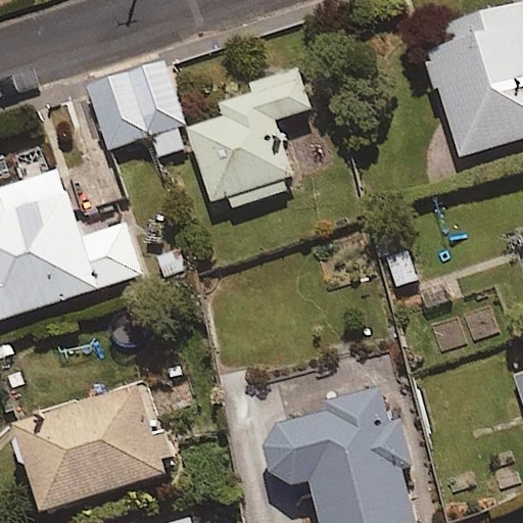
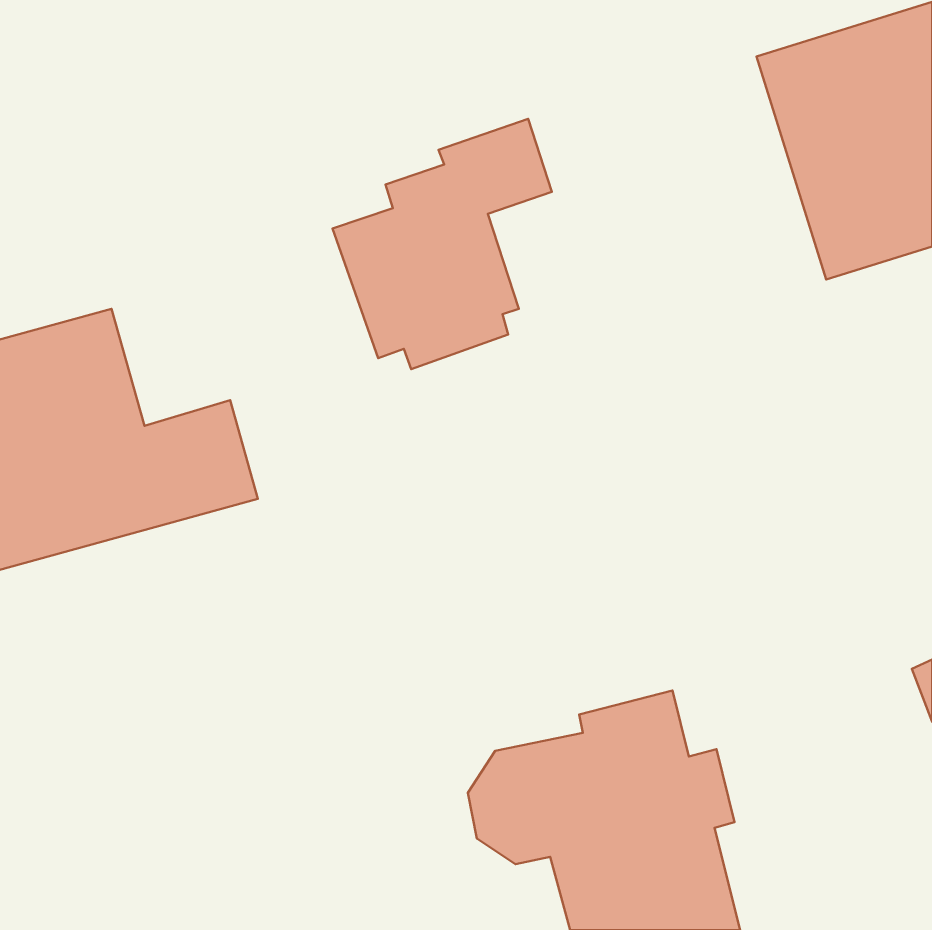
building: [90,62,186,156] -> none
building: [13,383,175,511] -> none

